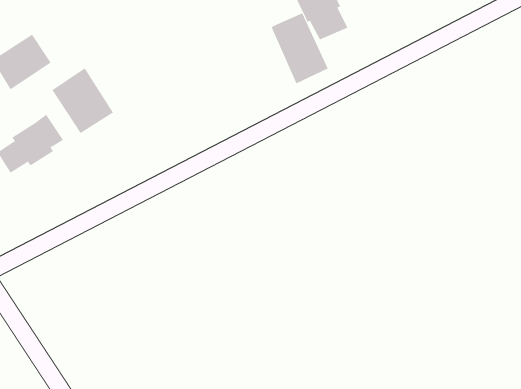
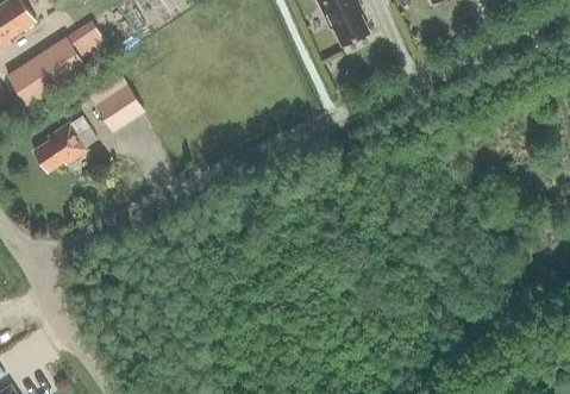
building: [271,13,328,84] -> none
building: none -> [68,21,106,58]

